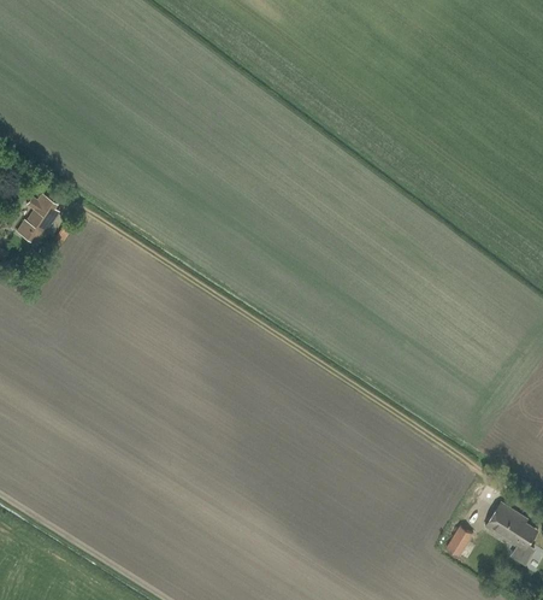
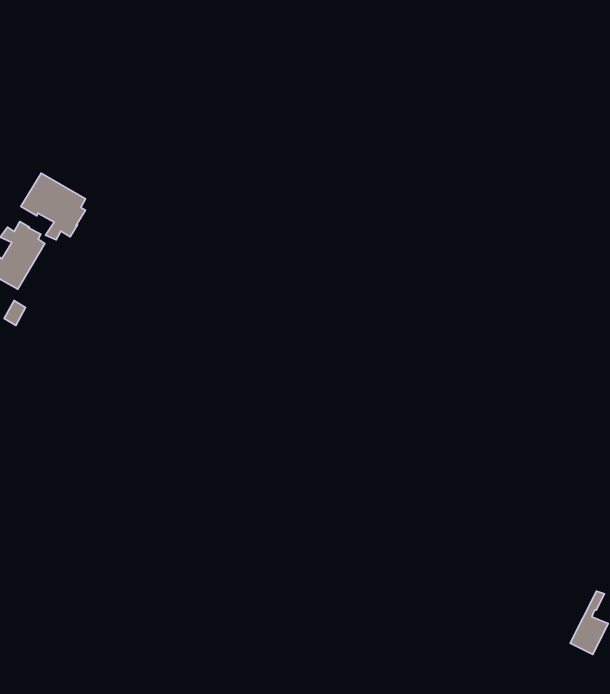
building: none -> [21,173,86,240]

